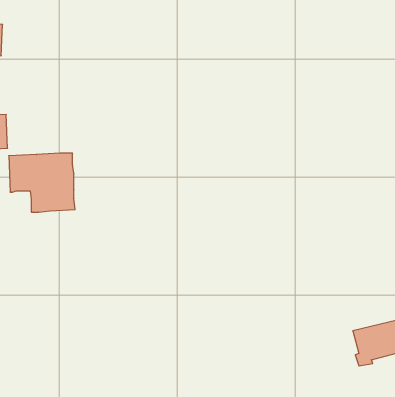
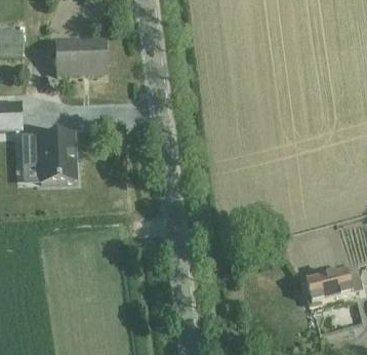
building: none -> [54,40,106,75]

